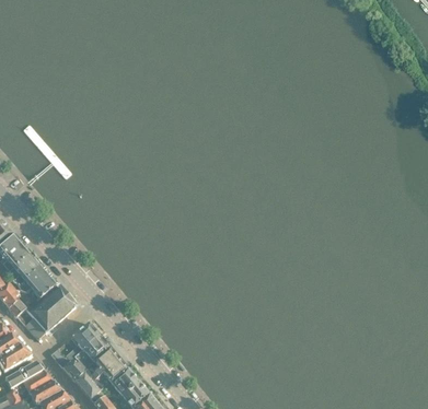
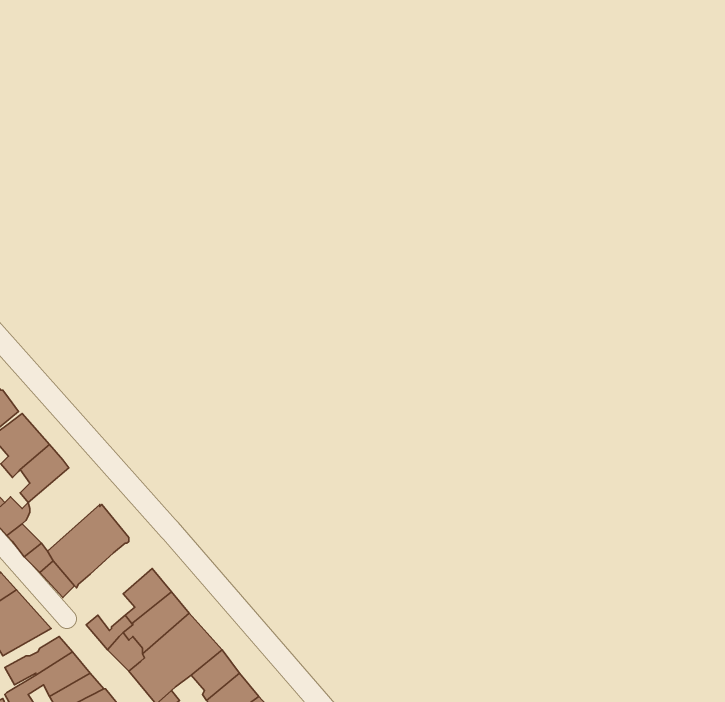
building: [19,265,57,297] -> none

